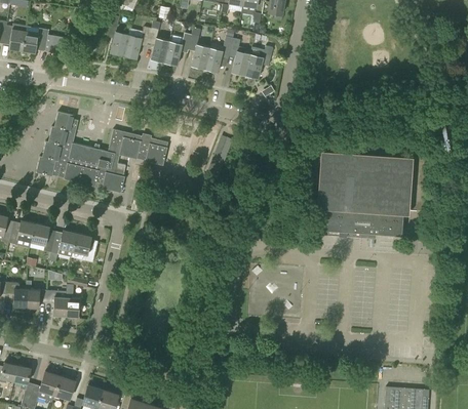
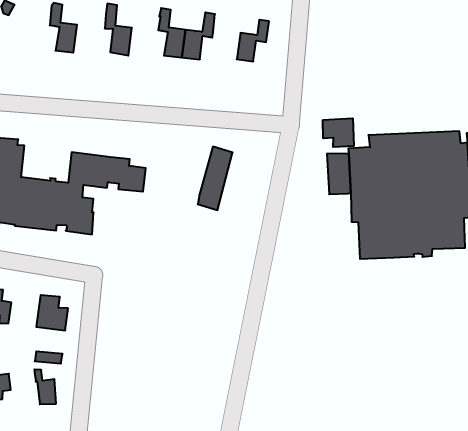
building: [123,27,151,57] -> none
building: [164,33,192,65] -> none
building: [230,38,250,74] -> none
building: none -> [323,118,354,147]
building: [50,231,77,257] -> none
building: [46,290,67,316] -> none

